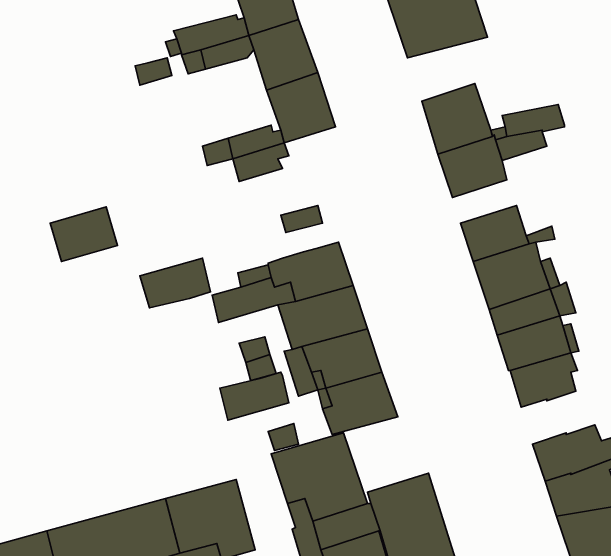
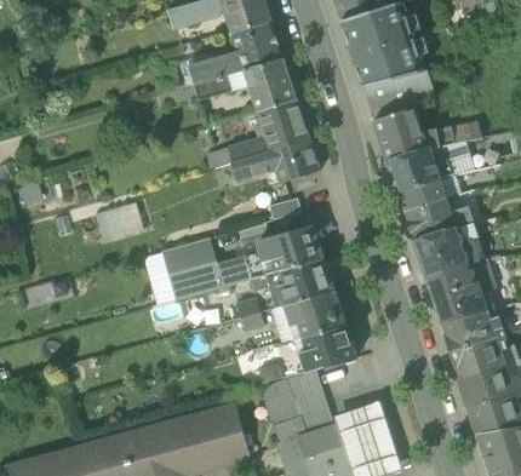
building: none -> [363,69,435,119]
building: none -> [270,138,319,182]
building: none -> [397,177,446,211]
building: [220,372,289,420] -> [168,263,221,299]
building: none -> [450,338,505,378]

